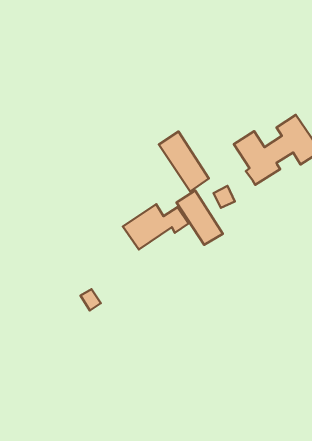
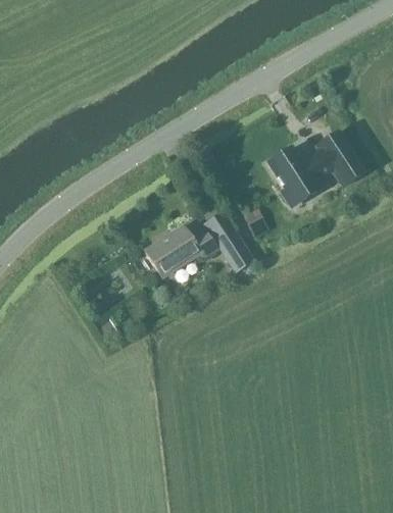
building: [159,132,209,192] -> none

